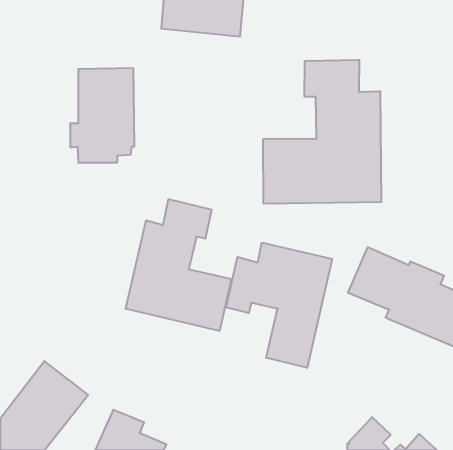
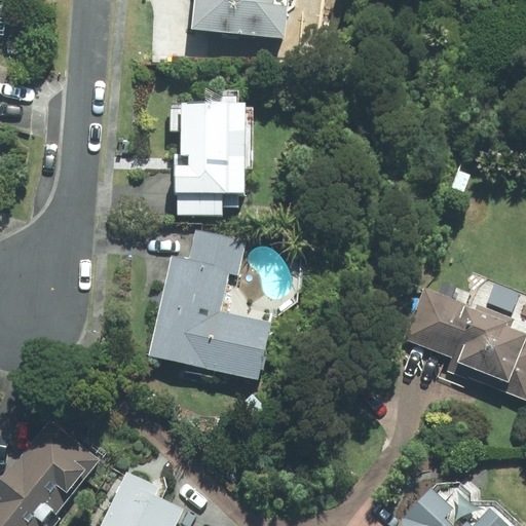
building: [263,60,381,204] -> none
building: [70,68,134,163] -> [171,104,245,213]
building: [226,243,332,368] -> none

